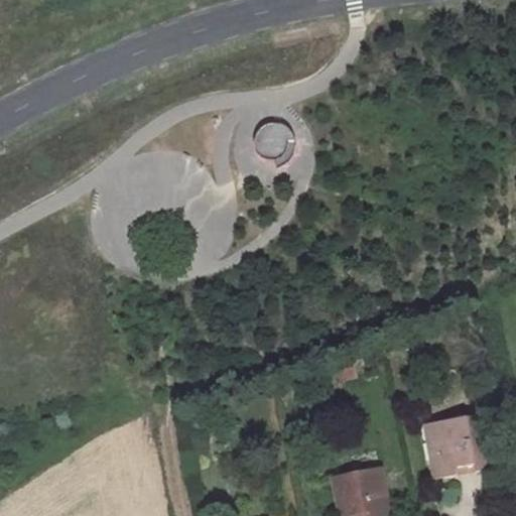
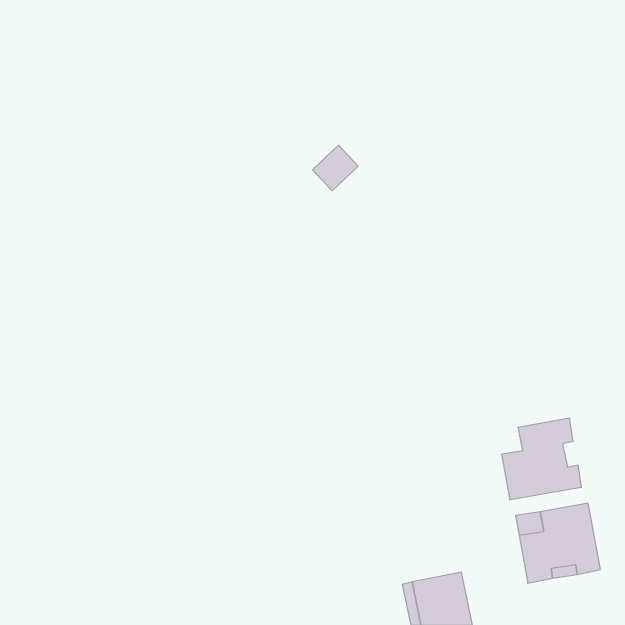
building: none -> [502,418,581,500]

